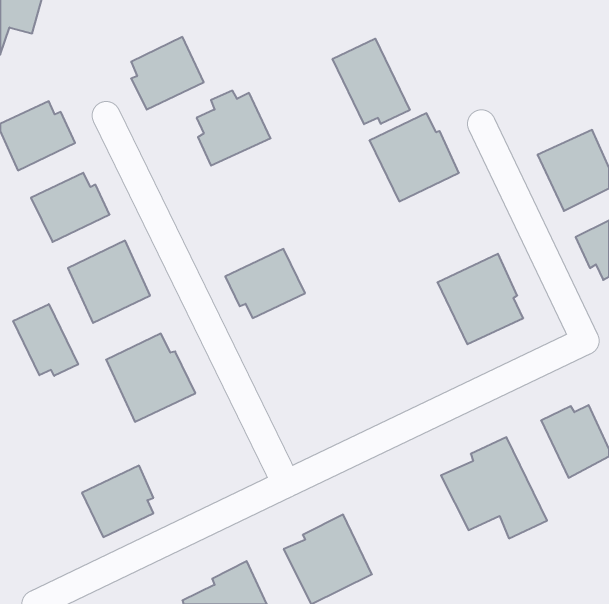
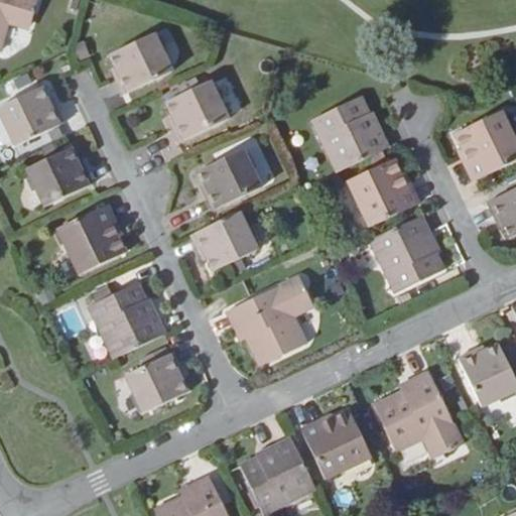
building: [333,39,410,124] -> none
building: none -> [199,147,261,209]
building: none -> [348,158,415,226]
building: [13,304,78,376] -> none
building: none -> [226,275,312,365]
building: [82,466,153,537] -> [126,351,186,411]
building: none -> [302,409,370,476]

